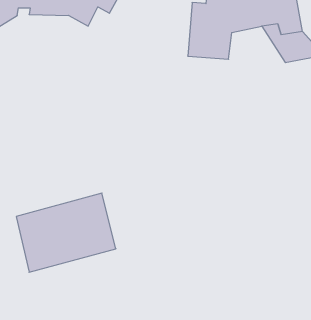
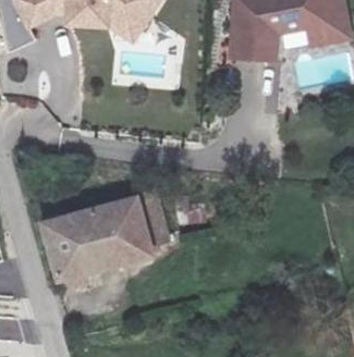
building: none -> [66,8,148,41]

